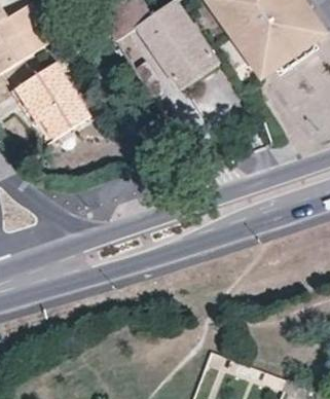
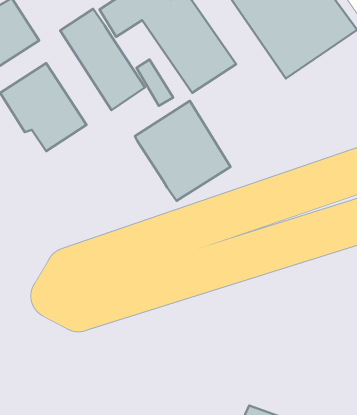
building: none -> [60,9,145,110]
building: none -> [135,101,231,201]

